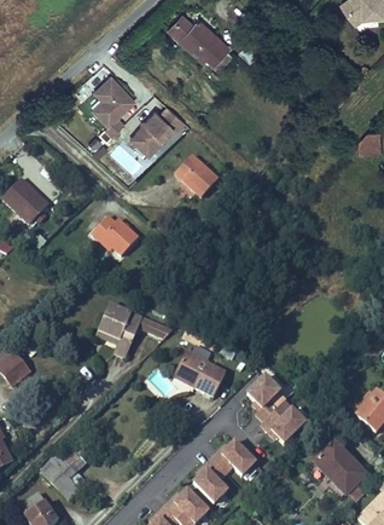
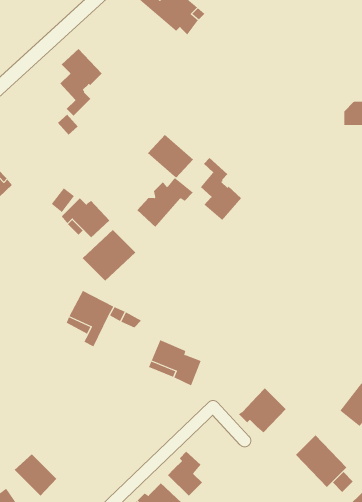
building: [128,104,182,152] -> [137,177,194,228]
building: none -> [200,157,242,221]
building: none -> [82,229,136,281]
building: [248,375,280,421] -> none
building: [211,440,255,474] -> none

